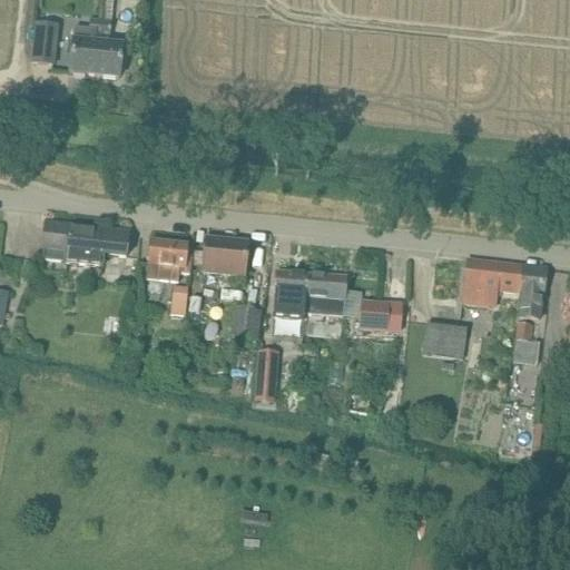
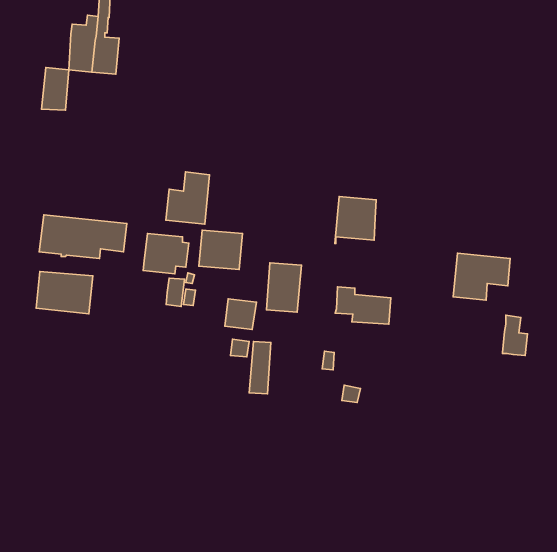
building: [31,19,59,62] -> [42,68,69,110]
building: none -> [166,172,210,224]
building: [517,263,546,320] -> none
building: [304,271,346,318] -> [335,196,376,243]
building: none -> [36,272,93,314]
building: [423,322,468,357] -> none

